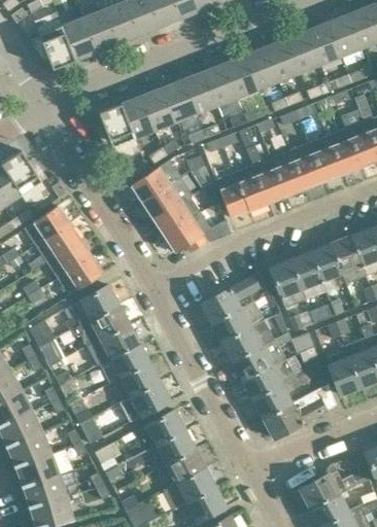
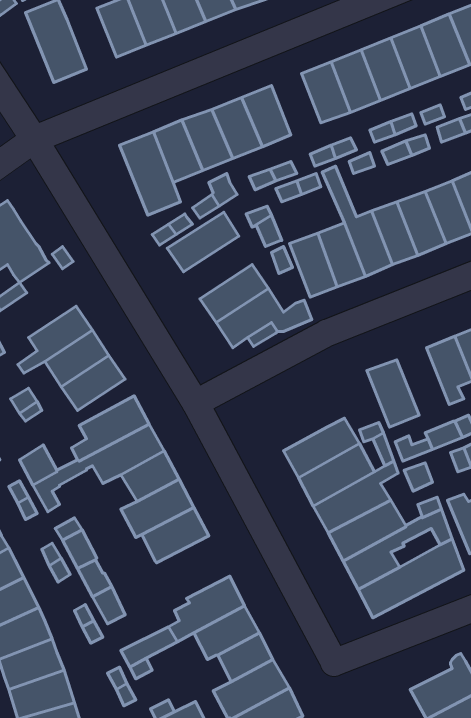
building: [62,17,96,60] -> none
building: [203,63,237,105] -> none
building: [142,175,192,218] -> none
building: [24,206,68,245] -> none
building: [289,252,325,298] -> none
building: [201,271,268,323] -> none
building: [119,382,169,421] -> none

